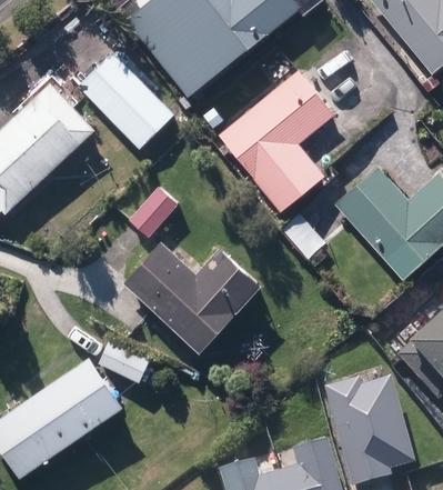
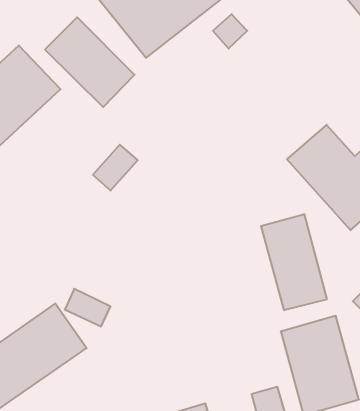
building: [219,71,332,212] -> none
building: [123,242,259,352] -> none
building: none -> [261,214,327,310]

